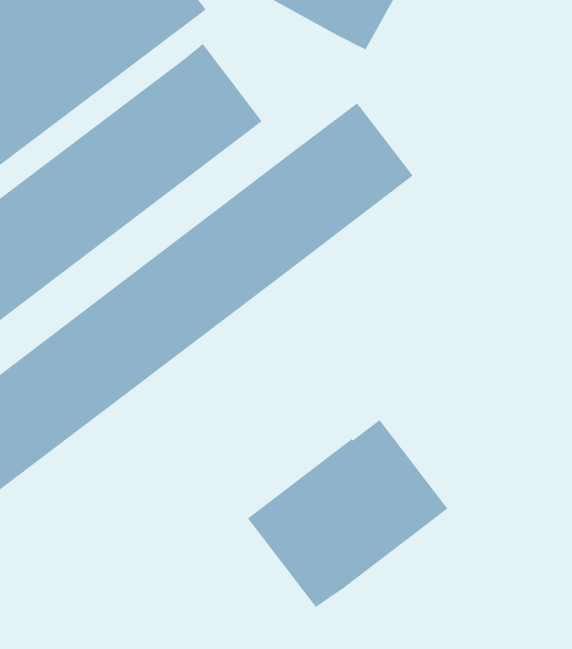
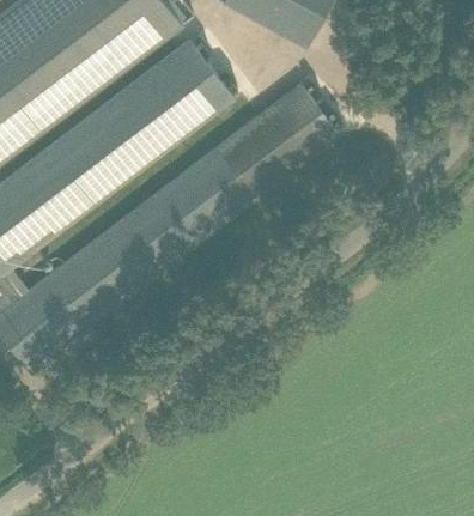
building: [247,419,448,608] -> none

